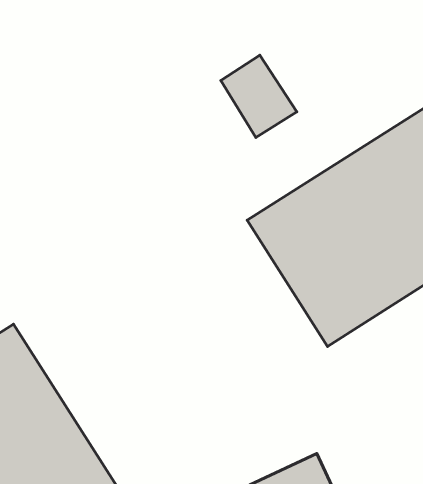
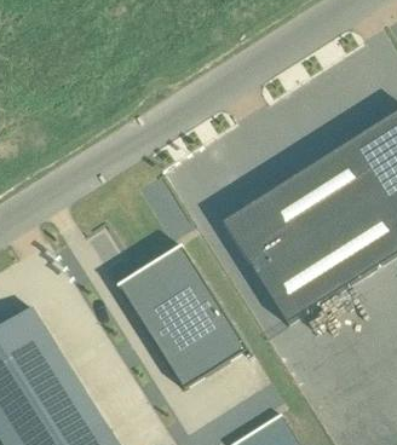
building: [221,55,297,138] -> none
building: none -> [119,244,247,388]

